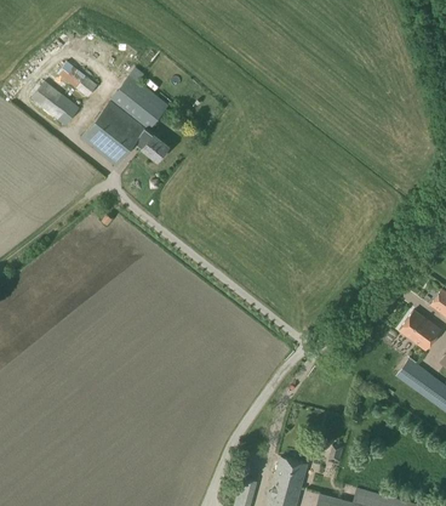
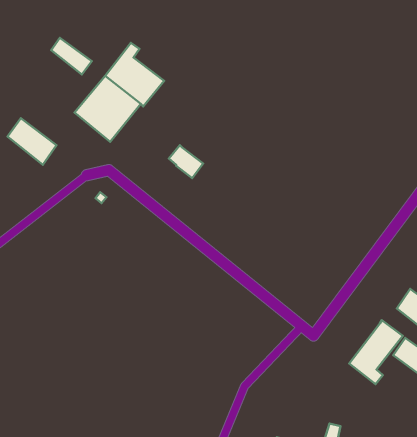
building: [32,81,80,127] -> [7,118,56,165]
building: [136,127,170,160] -> [169,145,203,178]
building: none -> [349,320,403,384]

